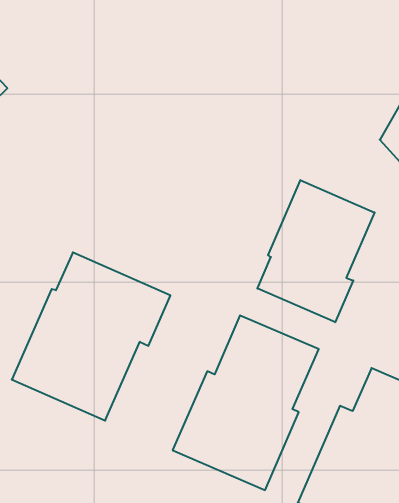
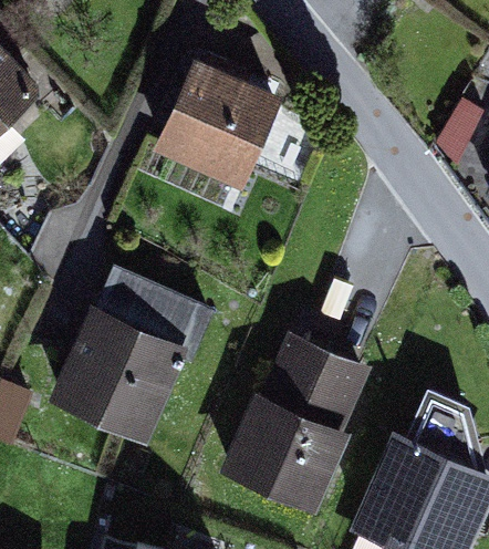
building: none -> [152,55,284,193]
building: [257,180,375,322] -> none

